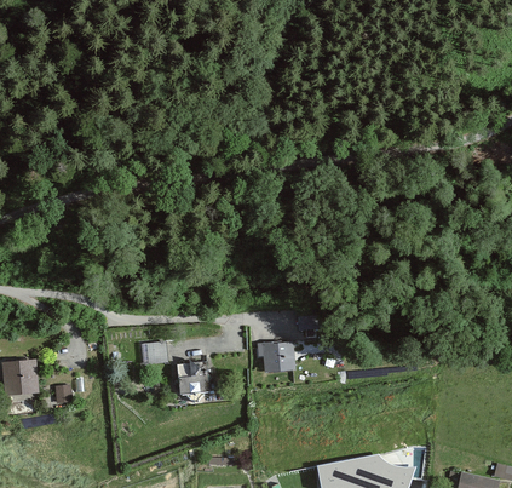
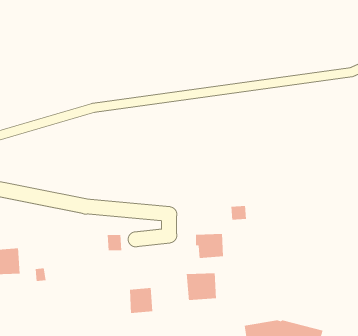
building: [174,364,205,397] -> [129,288,153,313]
building: none -> [186,272,216,301]

